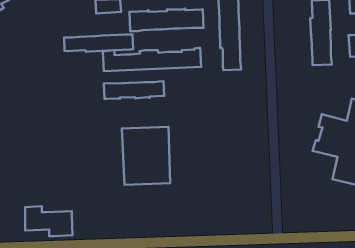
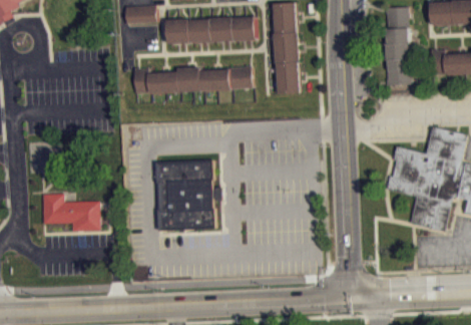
building: [64,34,133,52] -> none
building: [104,81,164,99] -> none
building: [25,206,73,236] -> [42,195,99,231]

